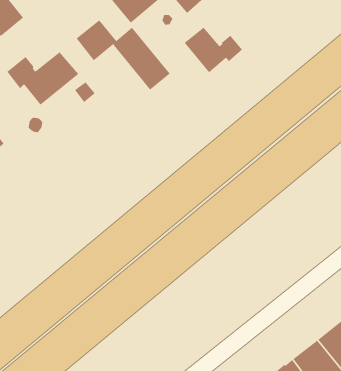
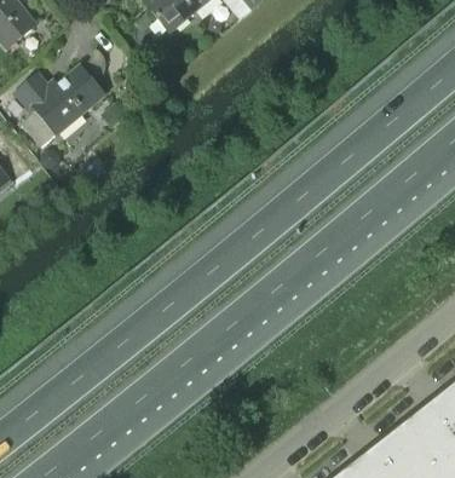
building: [76,20,170,90] -> none
building: [184,27,243,73] -> none

